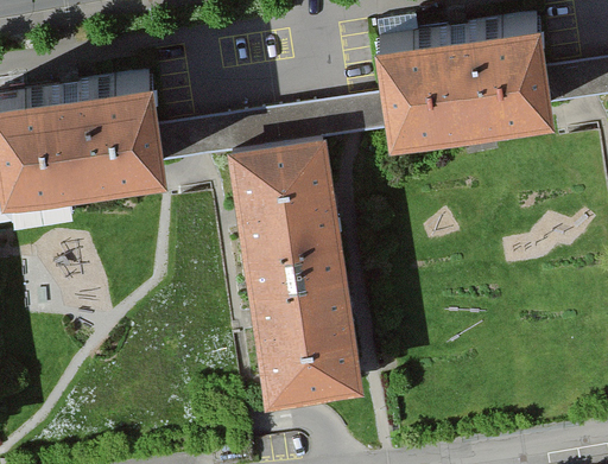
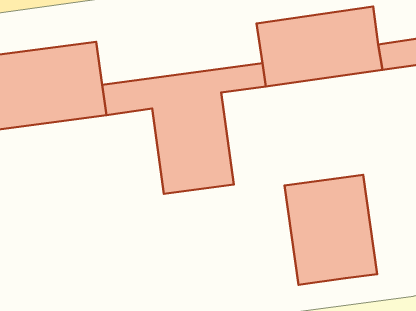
building: none -> [285,175,377,285]
building: [247,277,362,408] -> none

